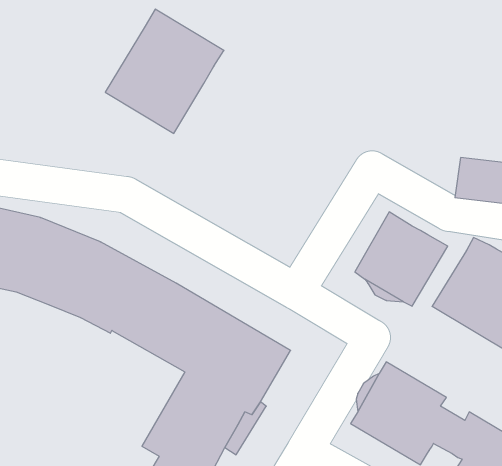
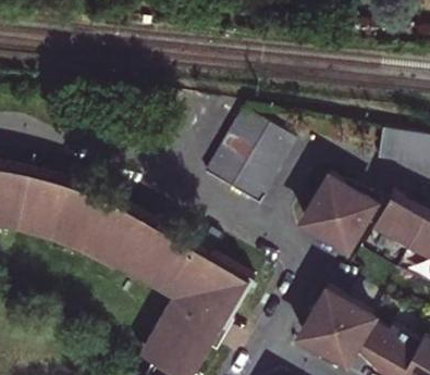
building: [105,9,224,133] -> [205,110,295,204]

